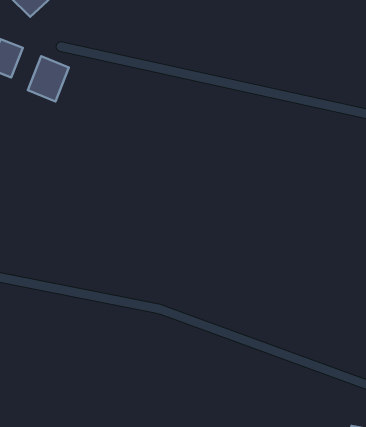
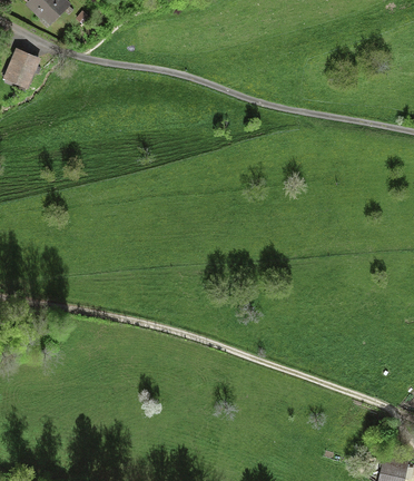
building: [28,56,69,101] -> none

